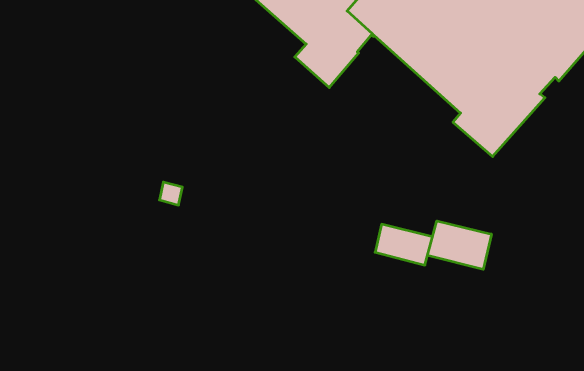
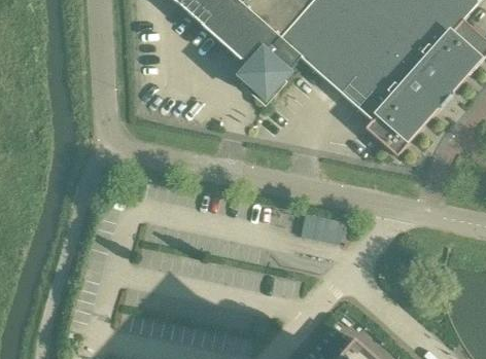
building: [428,221,491,269] -> none

